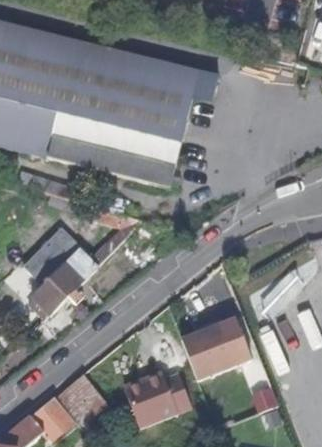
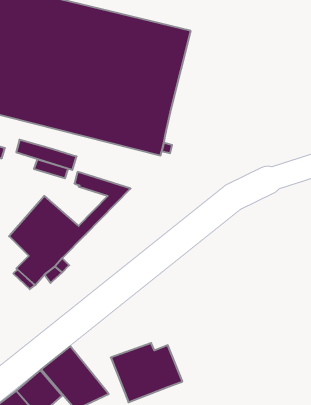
building: [197,316,253,377] -> none

